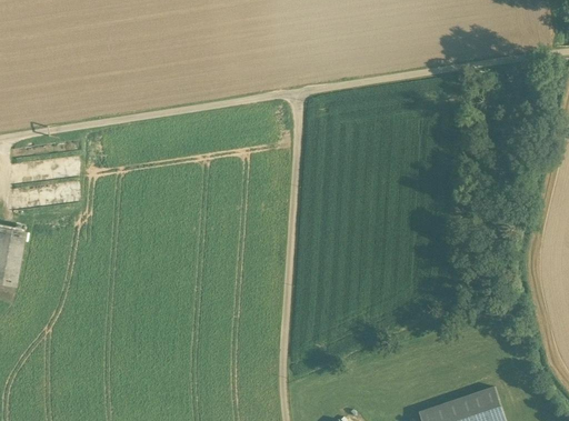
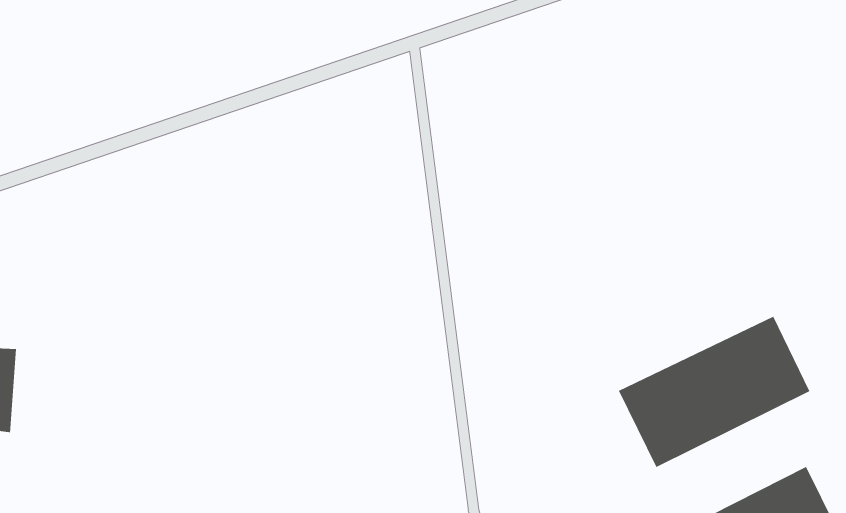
building: none -> [618,316,810,468]

